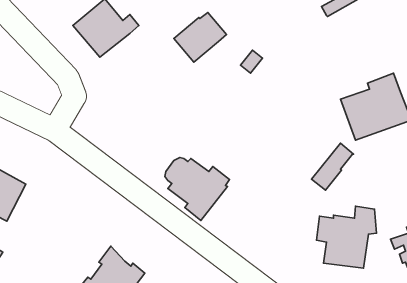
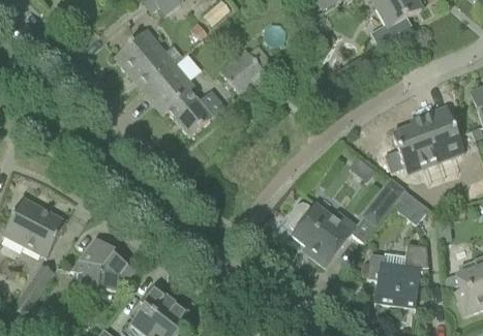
building: none -> [142,64,224,136]
building: none -> [391,189,428,224]
building: [165,157,230,220] -> [288,202,355,267]
building: none -> [70,239,133,293]

